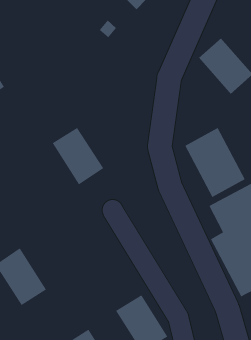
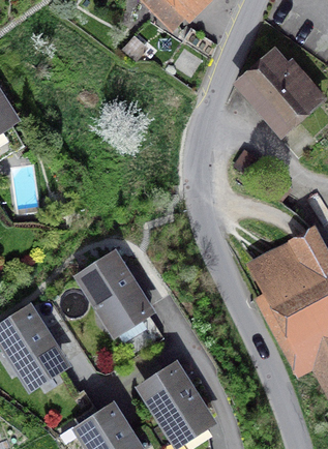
building: [52,127,104,185] -> [84,259,147,329]
building: [184,127,246,198] -> none

